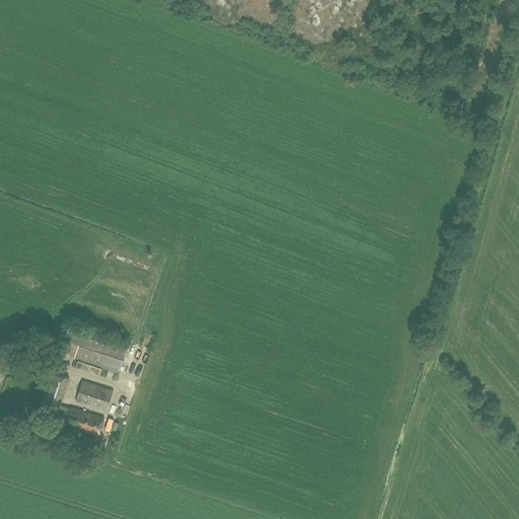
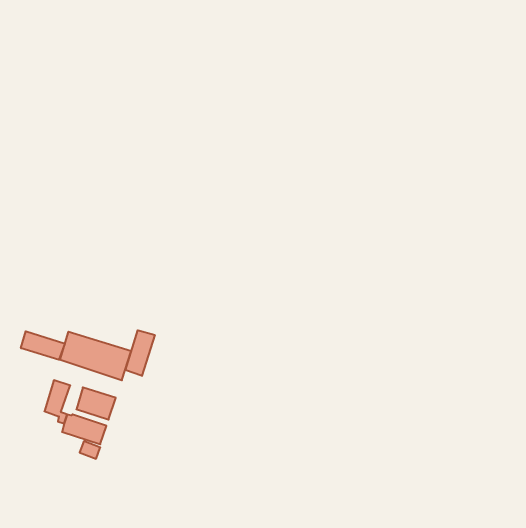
building: none -> [125,330,155,376]
building: none -> [21,331,65,360]

